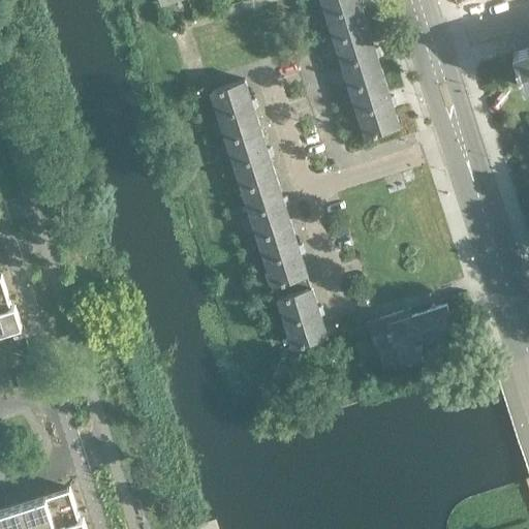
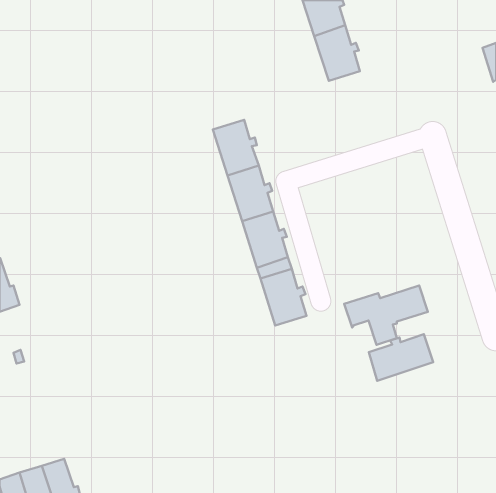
building: [349,81,398,141] -> none
building: [210,84,259,143] -> none
building: none -> [369,334,433,381]

